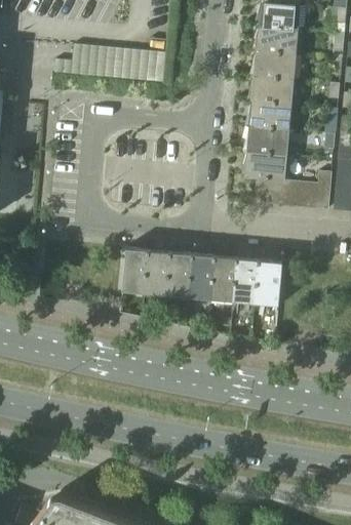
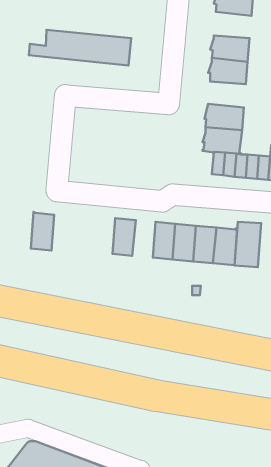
building: [254,25,297,53] -> none
building: [247,100,290,129] -> none
building: [122,247,148,289] -> [31,212,54,250]
building: [166,252,192,293] -> none
building: none -> [234,222,261,267]

